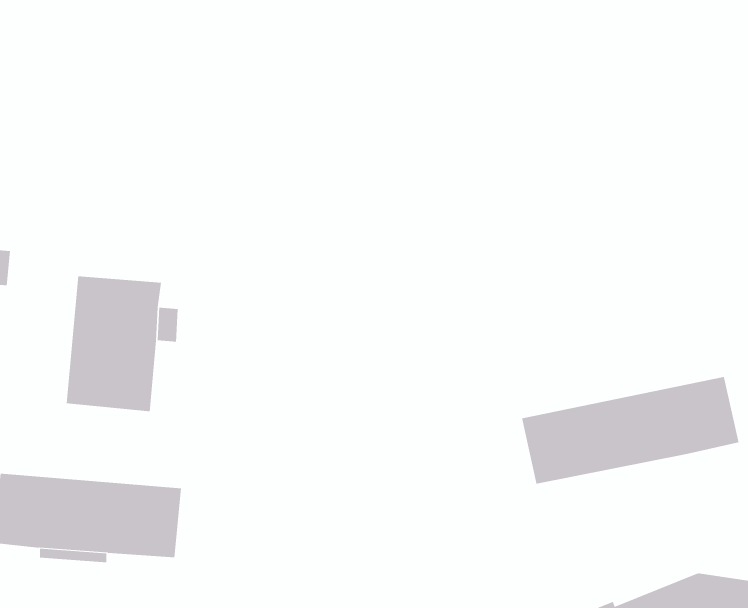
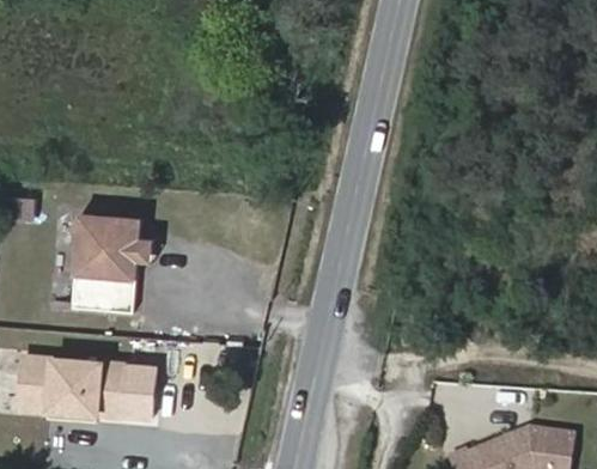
building: [521,376,739,484] -> none

